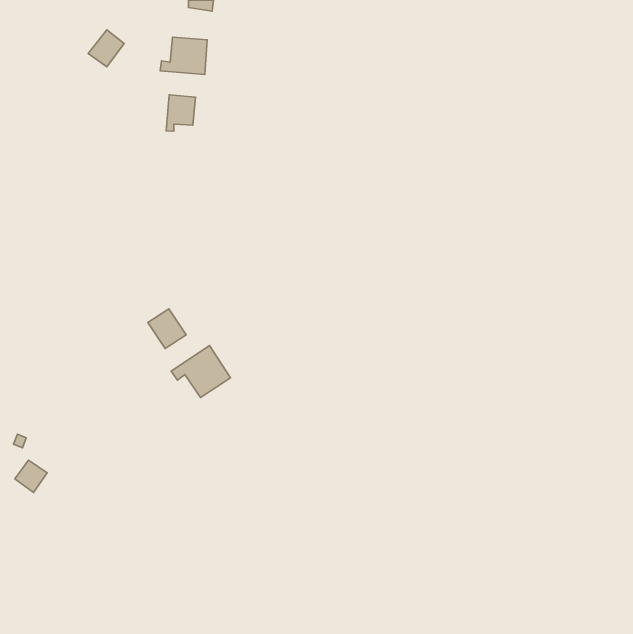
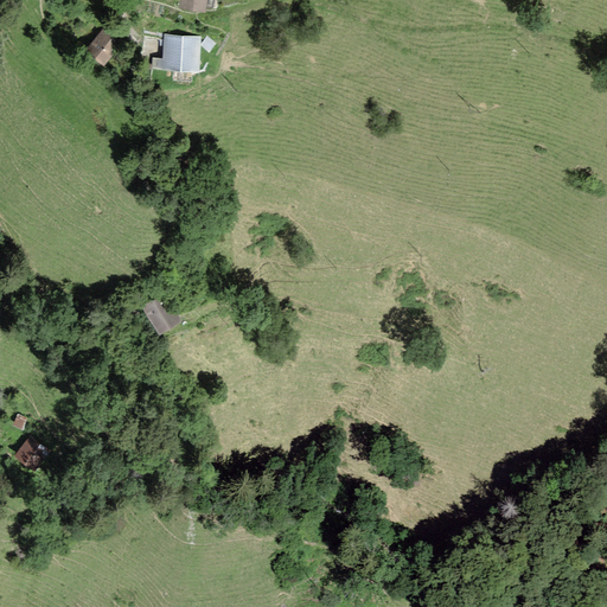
building: [166,95,195,131] -> none
building: [171,345,231,397] -> none

